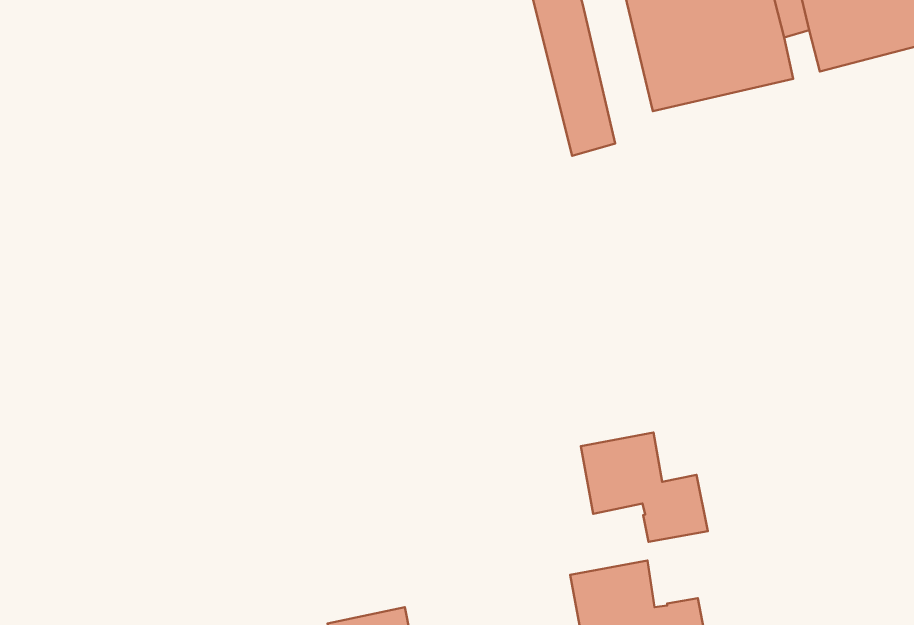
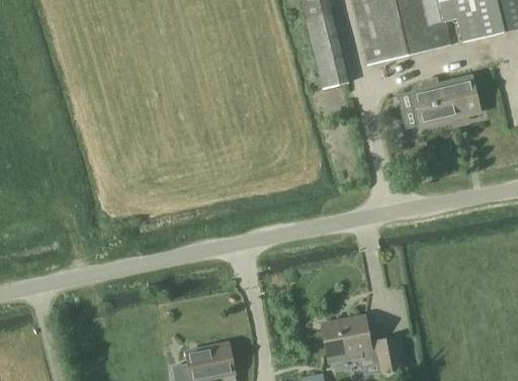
building: none -> [398,76,480,128]
building: [581,433,708,542] -> none

